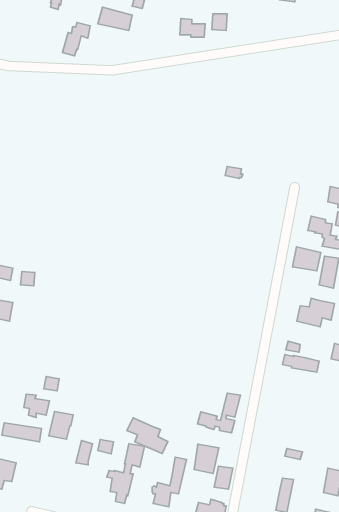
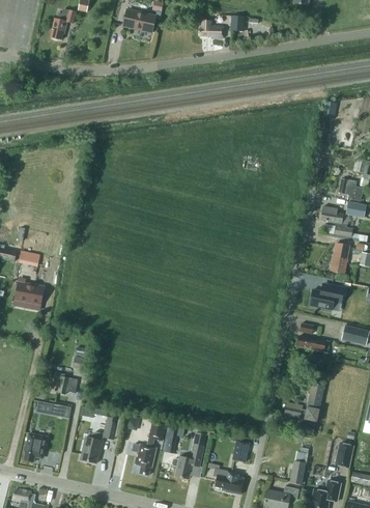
building: [62,23,90,56] -> [50,8,76,39]
building: [292,247,321,271] -> none
building: [197,393,241,433] -> [284,384,324,421]
building: [49,411,73,439] -> [80,436,103,462]
building: [127,418,168,453] -> none
building: [194,444,219,473] -> none

